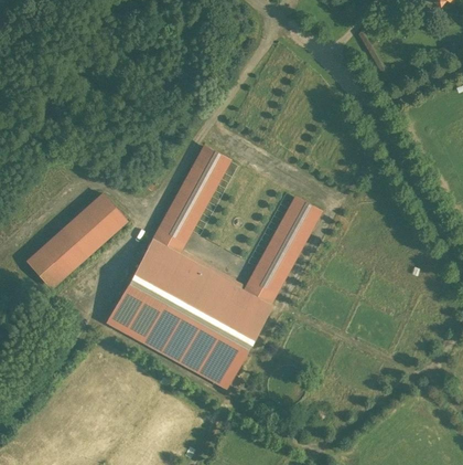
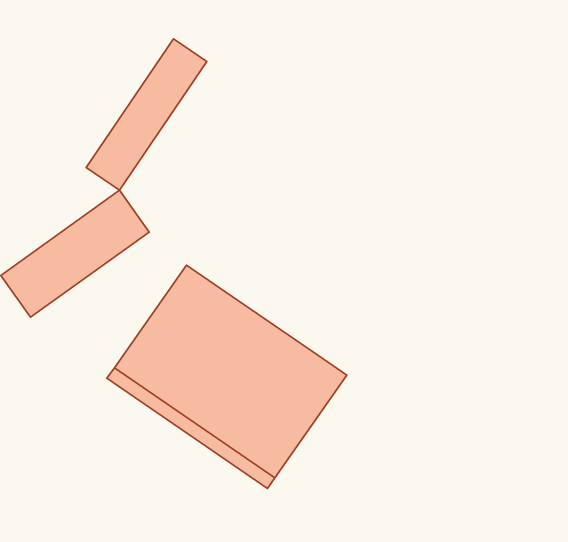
building: [153,146,228,253] -> [86,39,207,190]
building: [246,197,321,304] -> none

